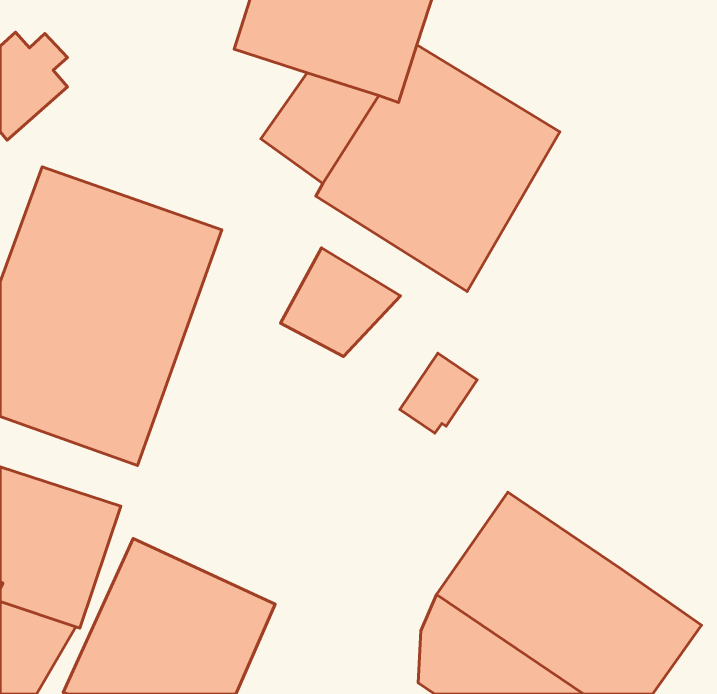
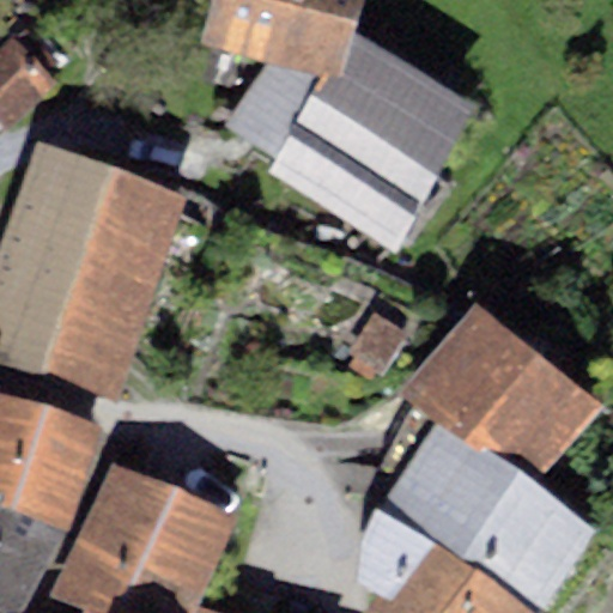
building: [281,248,400,357] -> none
building: none -> [395,305,603,486]

